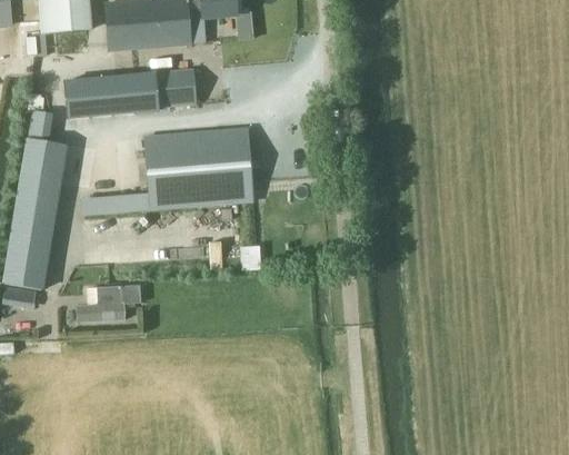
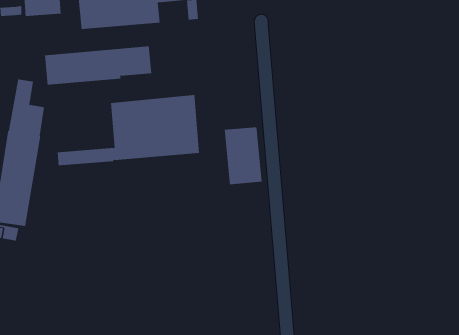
building: none -> [224,126,262,185]
building: [76,284,139,322] -> none

